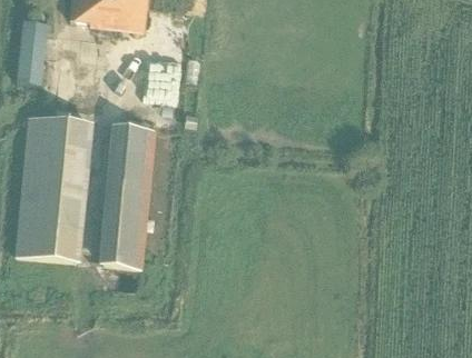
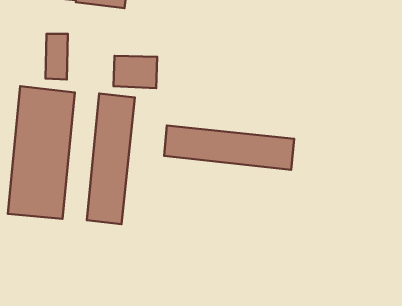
building: [18,26,42,76] -> [45,34,68,80]
building: none -> [164,126,294,170]

